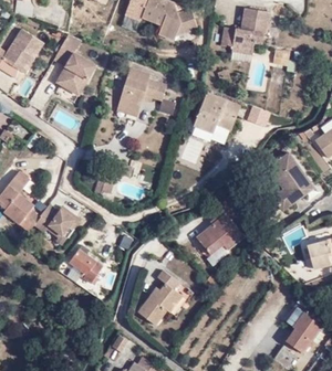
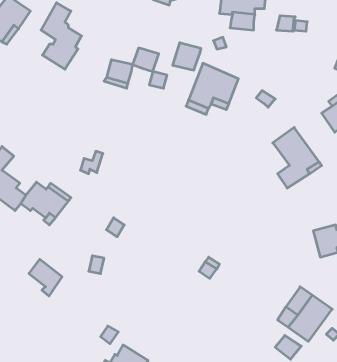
building: [121,68,147,94] -> [173,43,201,70]
building: [199,213,248,255] -> none
building: [71,245,102,279] -> [29,259,62,296]
building: [139,268,186,324] -> none

